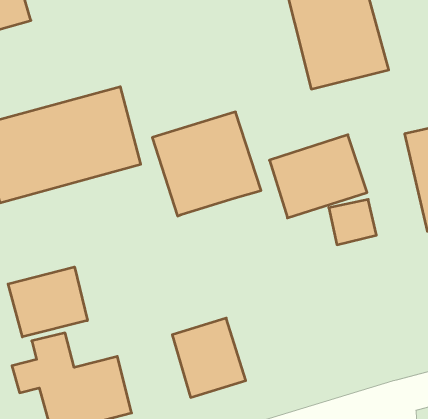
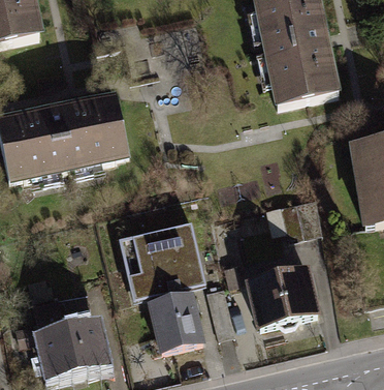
building: [152,112,261,216] -> [127,219,215,303]
building: [269,135,367,218] -> [243,264,322,330]
building: [8,267,87,337] -> none

